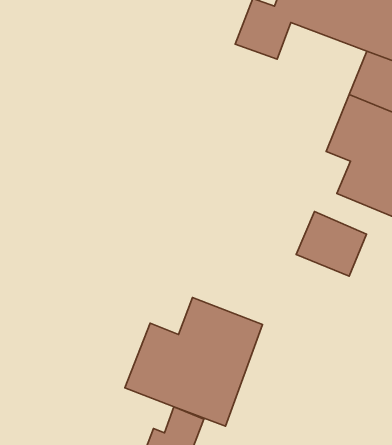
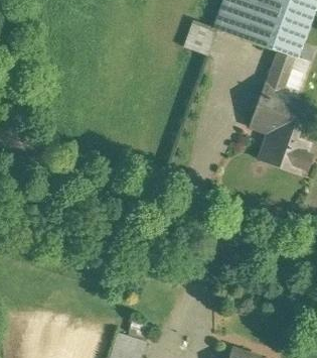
building: [296,212,366,276] -> none
building: [125,297,263,426] -> none

